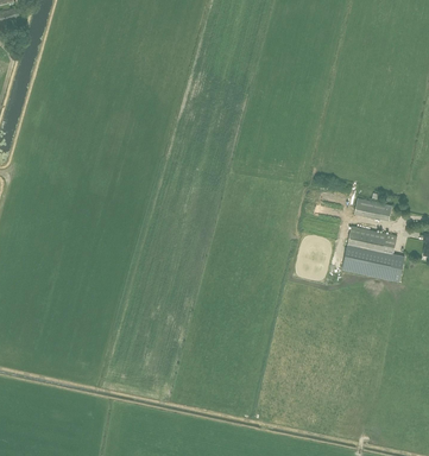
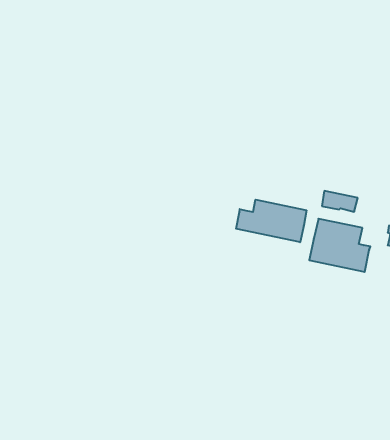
building: none -> [236,200,306,242]

